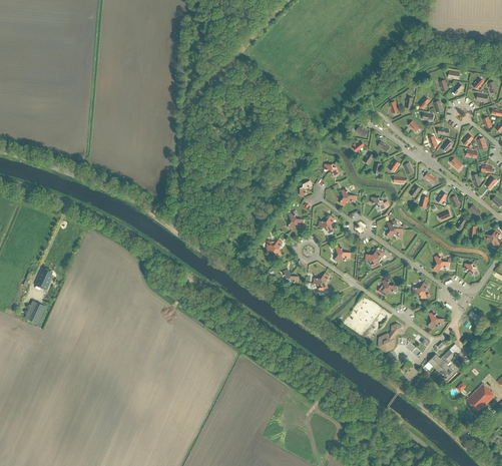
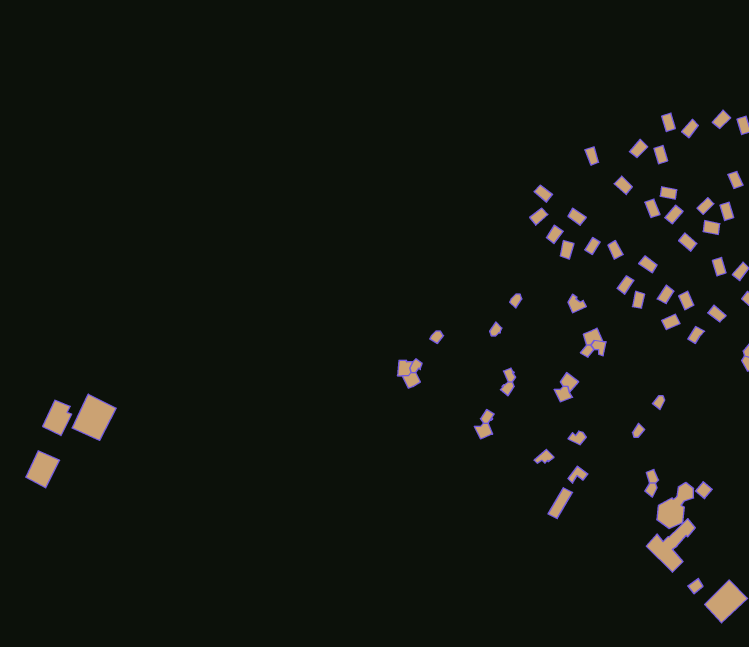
building: none -> [72,394,116,440]
building: [378,323,402,353] -> [657,483,694,529]

